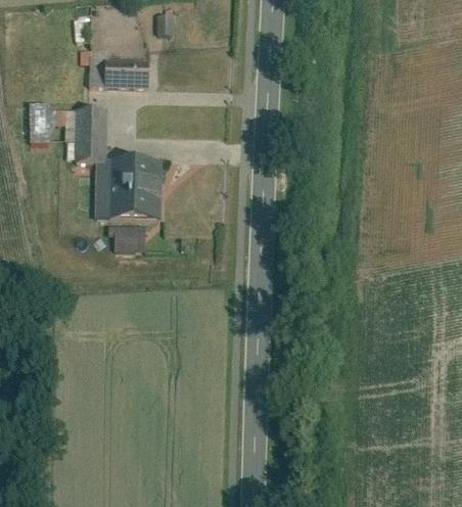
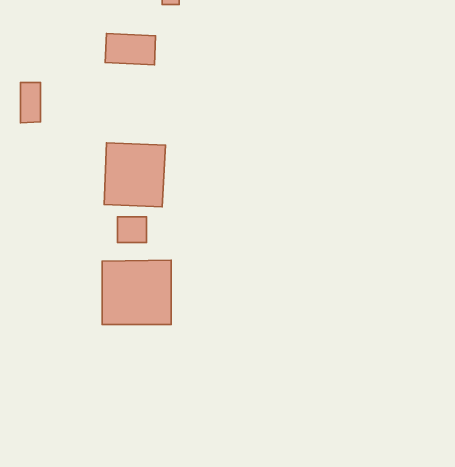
building: [71,108,101,159] -> none
building: none -> [102,260,171,324]

